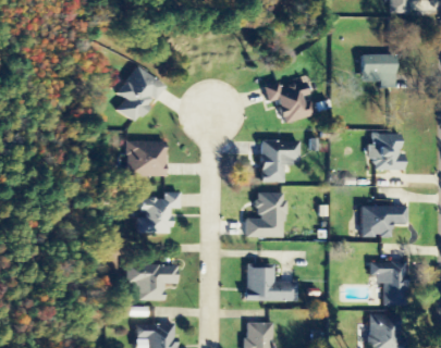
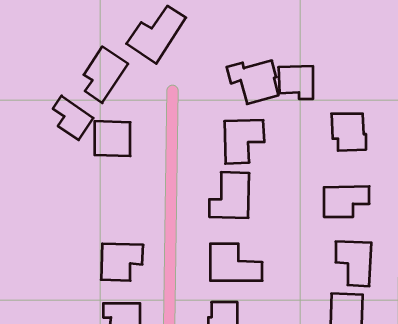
building: none -> [126,6,186,64]
building: [359,53,394,86] -> [278,66,313,99]
building: none -> [53,96,93,140]
building: [139,191,180,233] -> none

